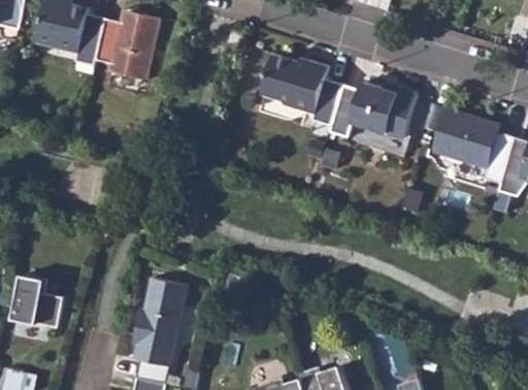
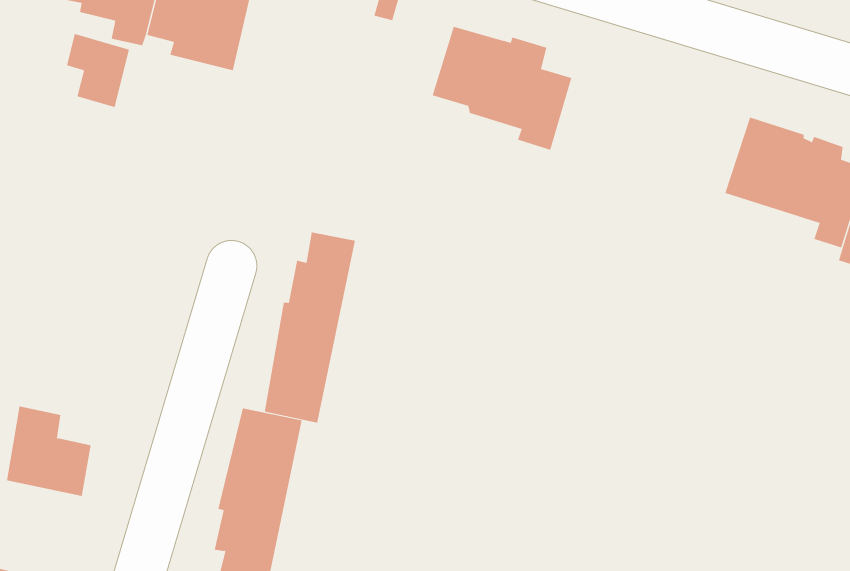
building: none -> [66,33,130,108]
building: [328,82,417,137] -> none
building: none -> [264,231,356,423]

